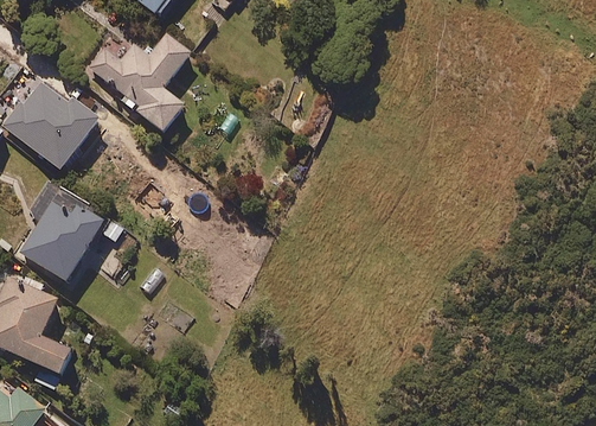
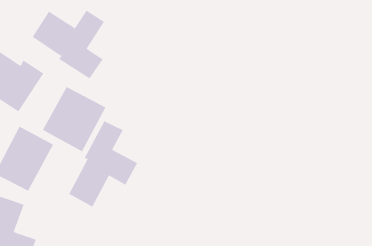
building: none -> [42,86,106,152]
building: none -> [68,121,138,207]

